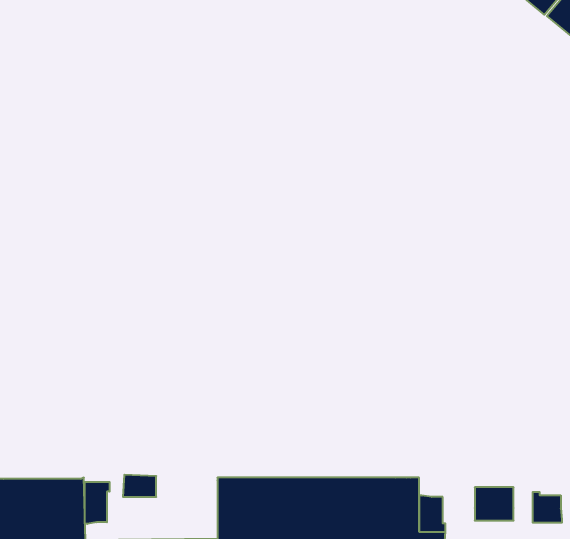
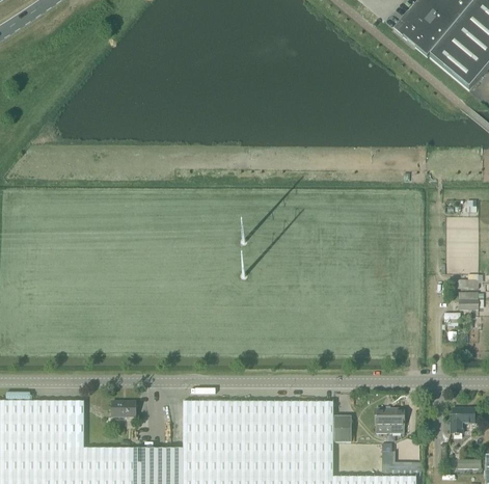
building: [85,482,110,524] -> none
building: [533,492,562,523] -> none

